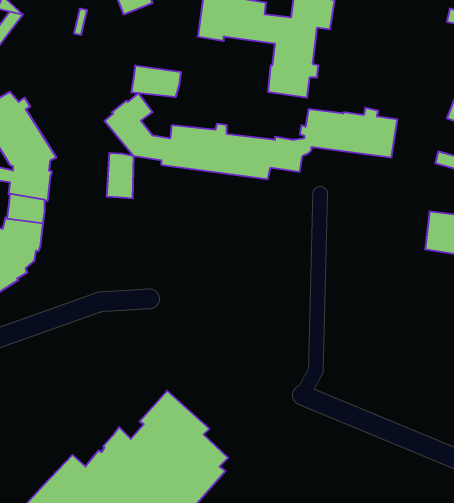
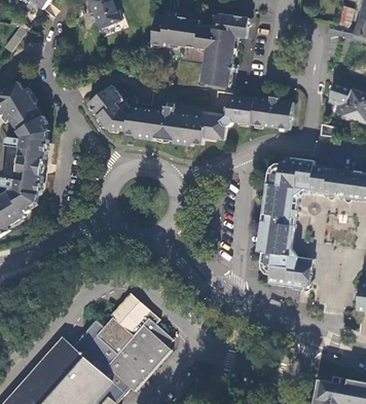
building: [132,65,181,97] -> none
building: [107,153,134,198] -> none
building: none -> [258,156,314,290]

